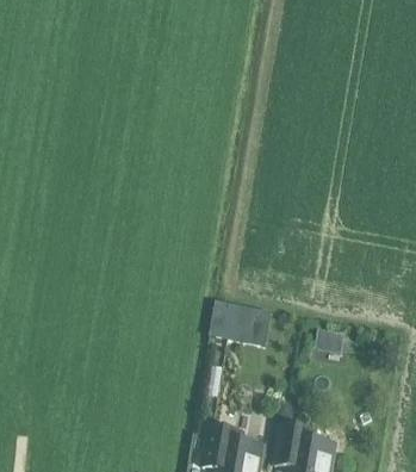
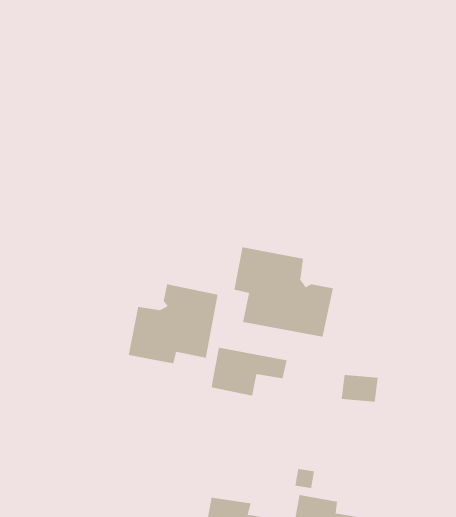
building: none -> [234,247,334,337]
building: none -> [128,283,218,364]

